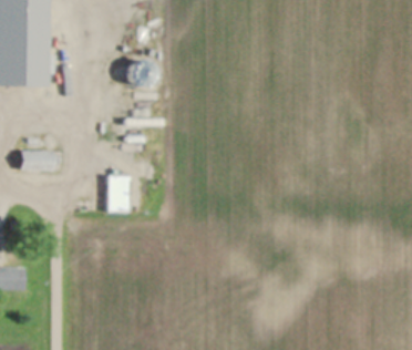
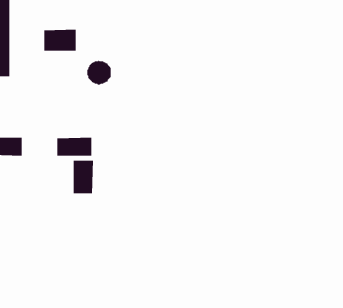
building: none -> [44,29,77,51]
building: none -> [56,137,92,157]

